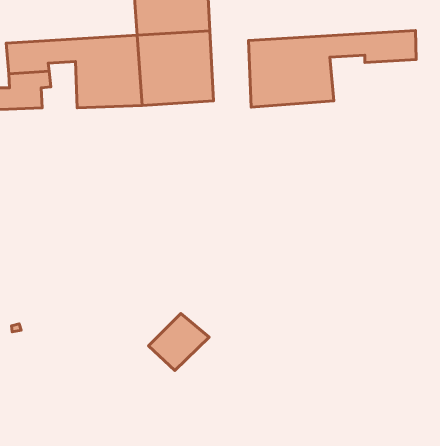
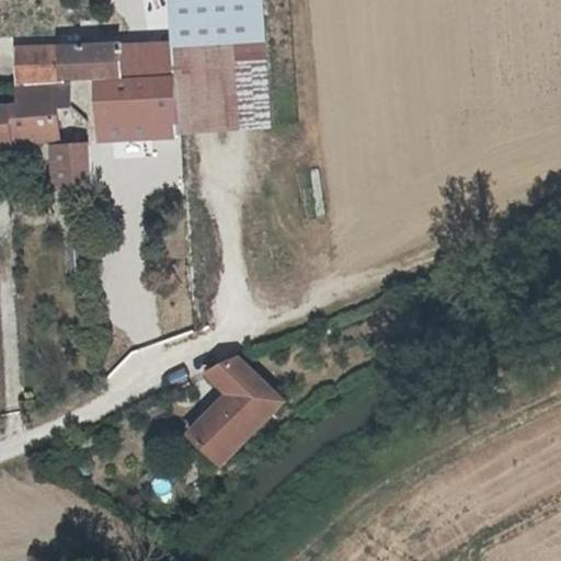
building: [248,30,416,107] -> none
building: none -> [54,145,84,186]
building: none -> [202,355,284,421]

